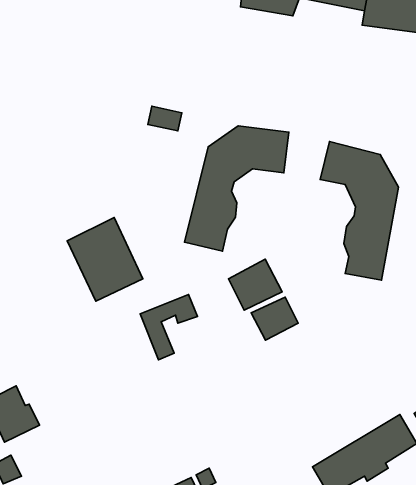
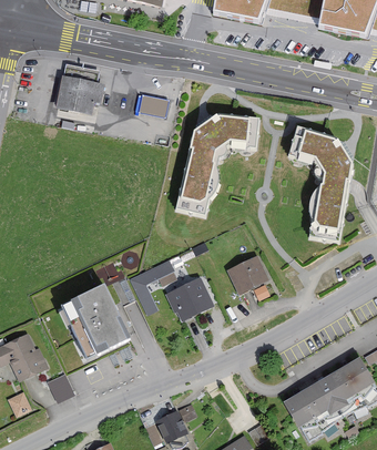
building: none -> [53,68,102,119]
building: [67,217,143,301] -> [65,285,130,356]
building: [229,259,282,310] -> [166,280,212,324]
building: none -> [47,374,73,403]

